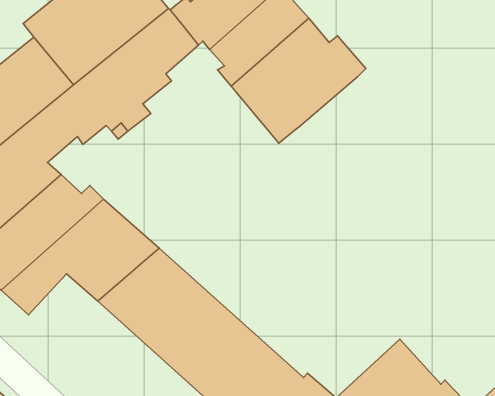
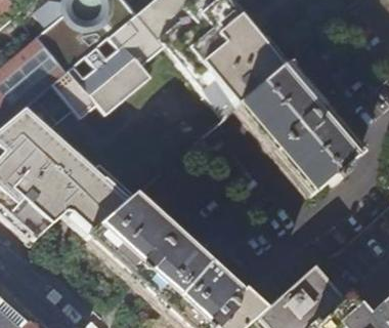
building: none -> [235,66,359,194]

